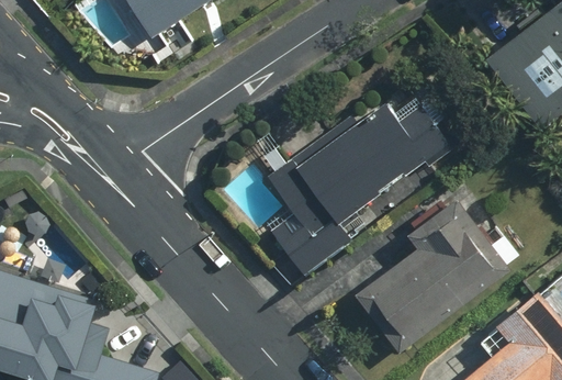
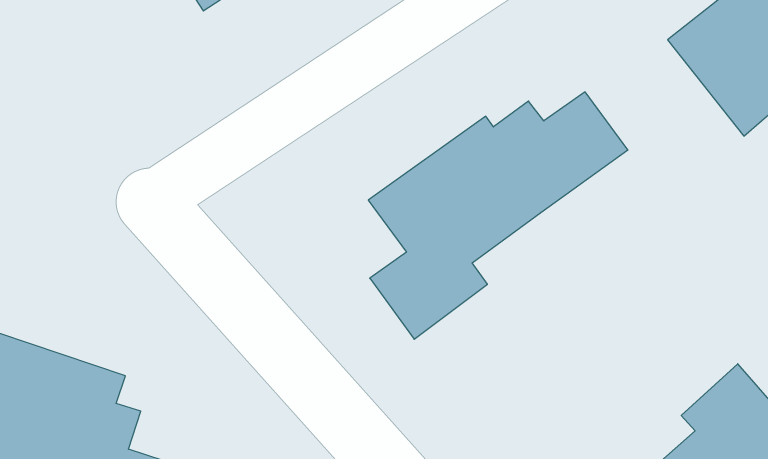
building: [355,199,509,351] -> none

